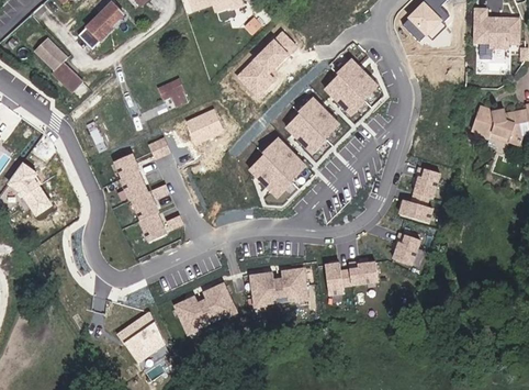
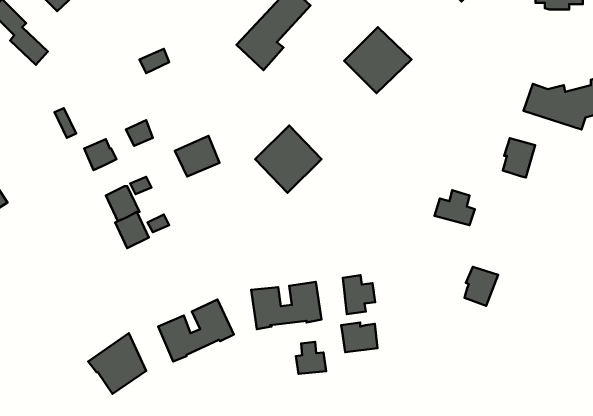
building: [288,100,342,154] -> none
building: [184,109,221,142] -> [175,136,219,176]
building: [413,168,439,200] -> [503,138,535,177]
building: [120,170,146,199] -> none
building: [392,234,419,266] -> [465,267,498,306]
building: [347,261,376,286] -> [341,323,378,352]
building: none -> [296,342,326,374]

